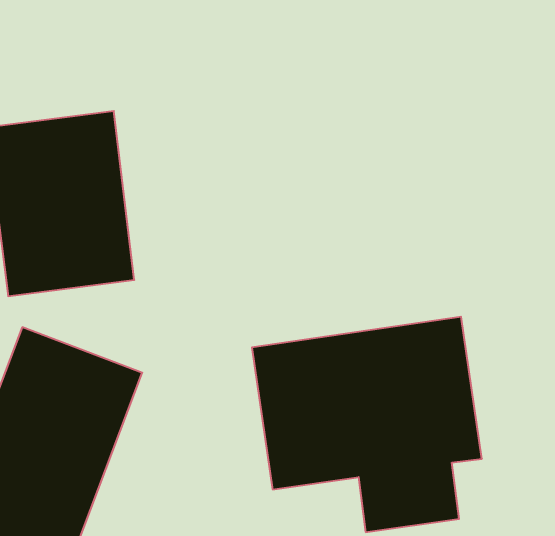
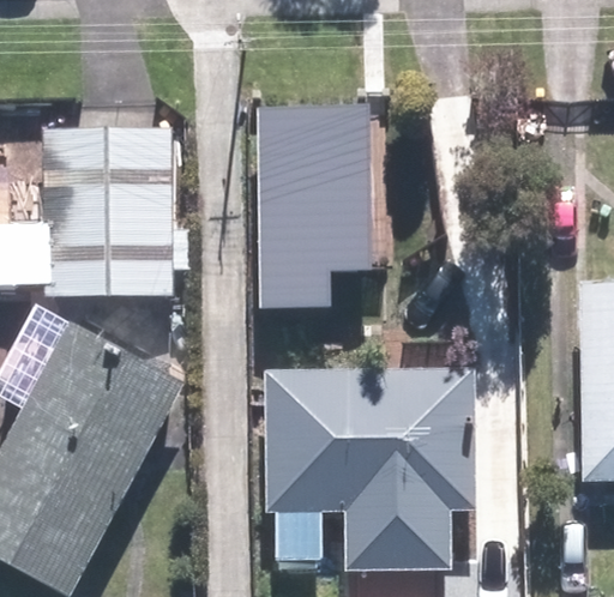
building: none -> [249,105,368,307]

